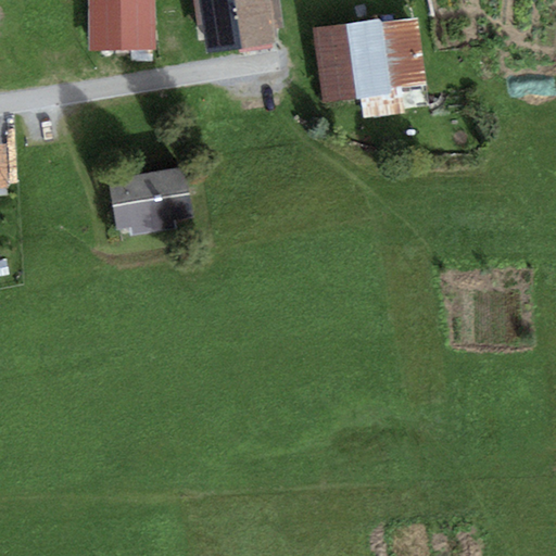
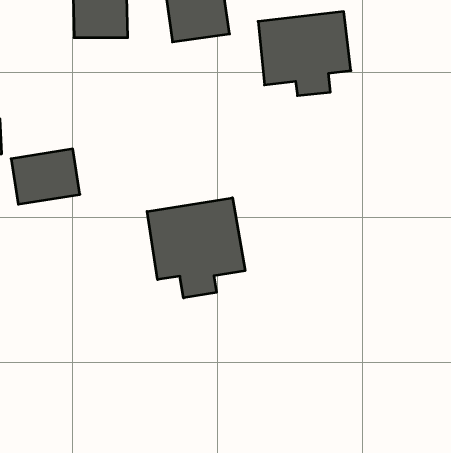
building: [109,167,192,235] -> [11,149,80,204]
building: none -> [147,198,245,298]

